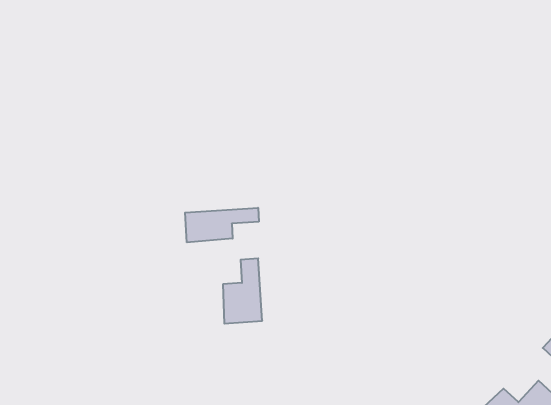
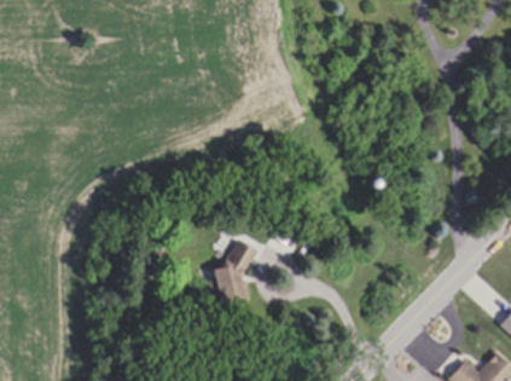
building: [185,208,259,242] -> none

